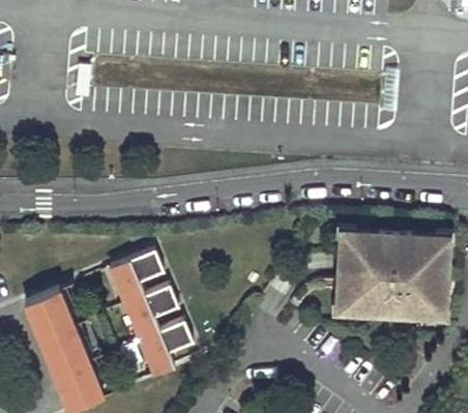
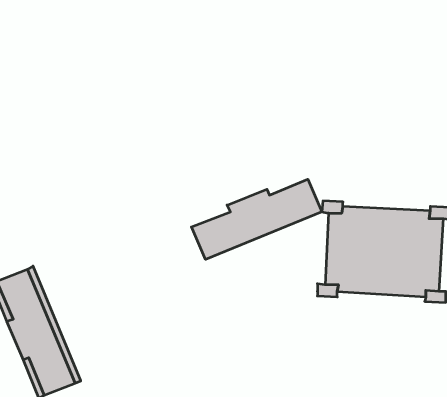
building: none -> [191,179,322,259]
building: [109,247,189,374] -> none

